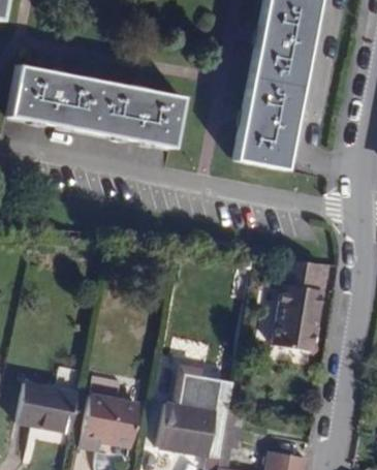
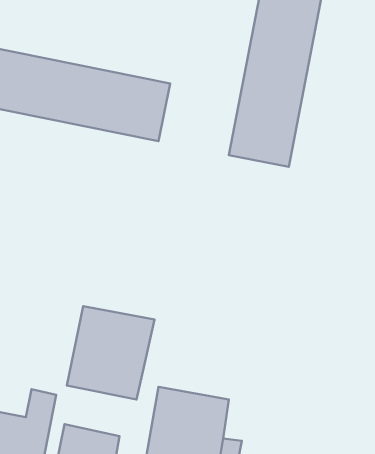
building: [272,259,321,351] -> none
building: none -> [67,306,154,399]

